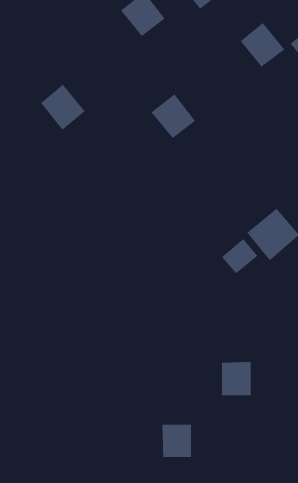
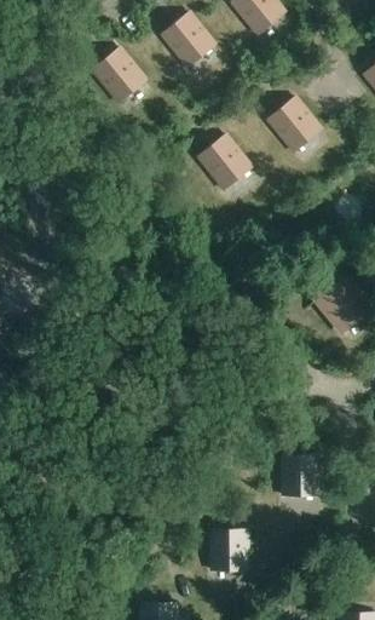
building: [240,22,285,68] -> [267,97,322,151]
building: [40,84,85,130] -> [92,47,146,103]
building: [221,238,258,274] -> none

